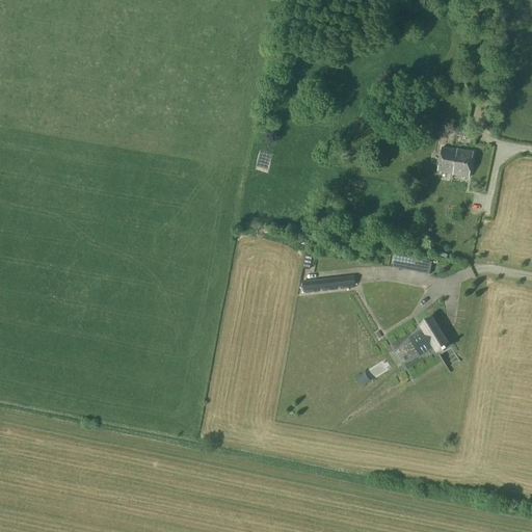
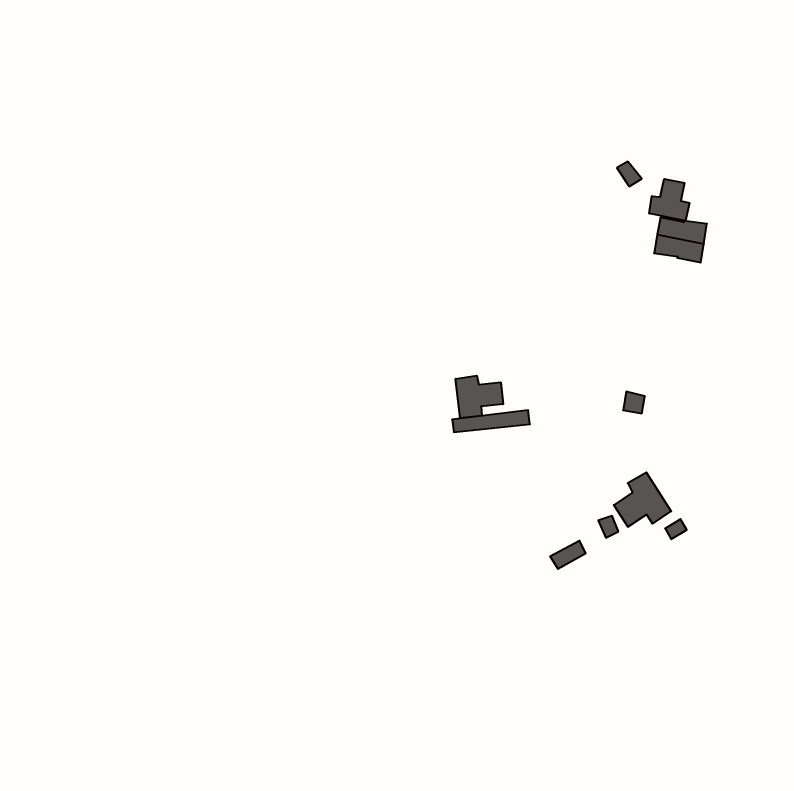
building: none -> [649,179,690,221]
building: none -> [456,376,503,418]

